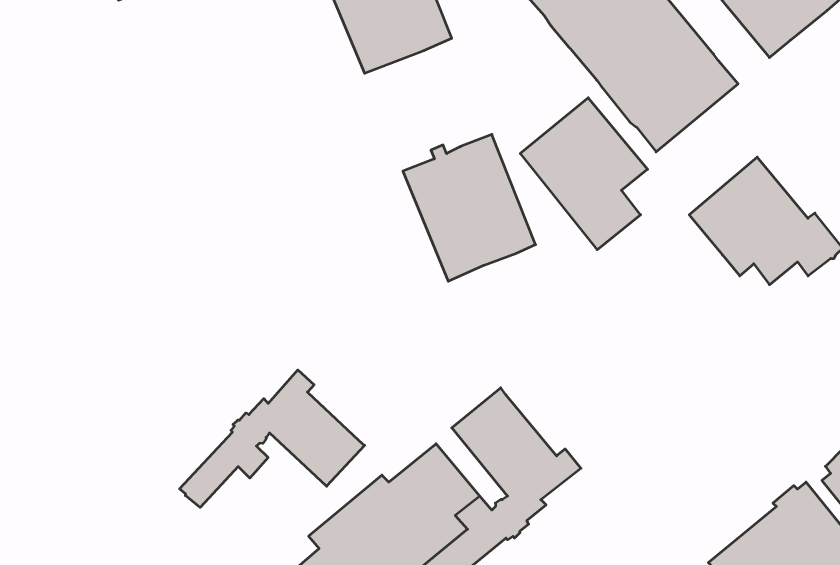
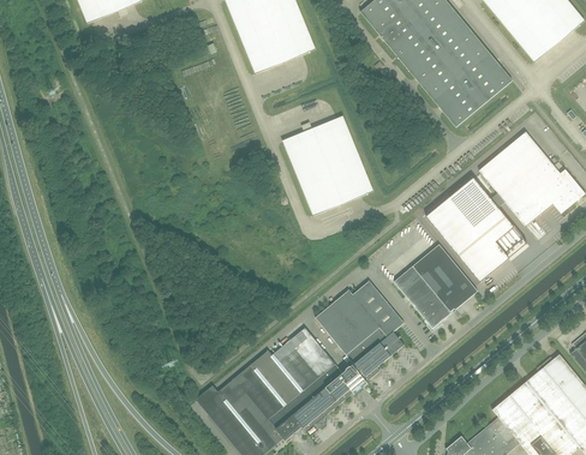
building: [520,98,648,250] -> [425,176,513,281]
building: none -> [393,243,477,329]
building: [180,370,365,507] -> none
building: none -> [352,279,403,335]

